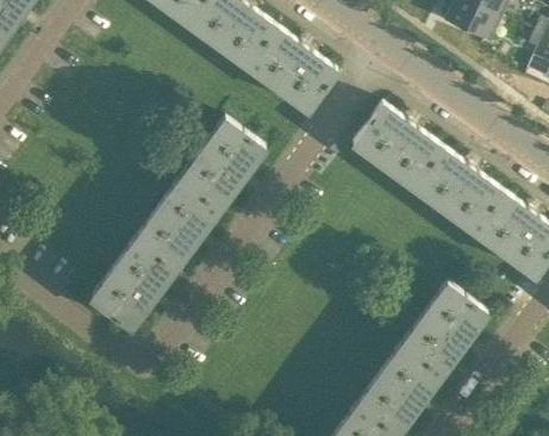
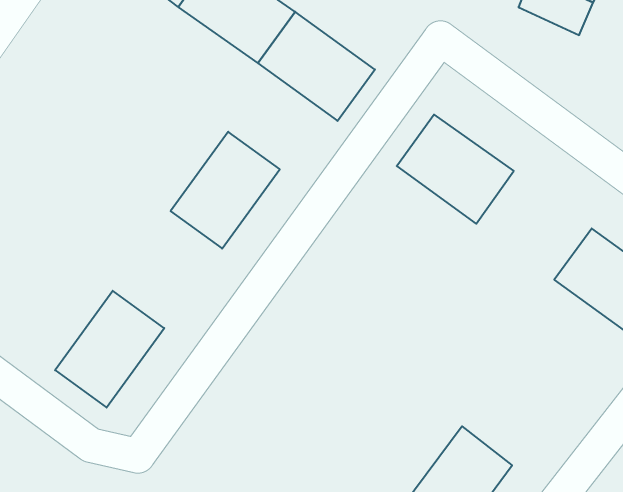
building: [413,149,501,232] -> none
building: [136,180,219,269] -> none
building: [403,285,486,374] -> none

